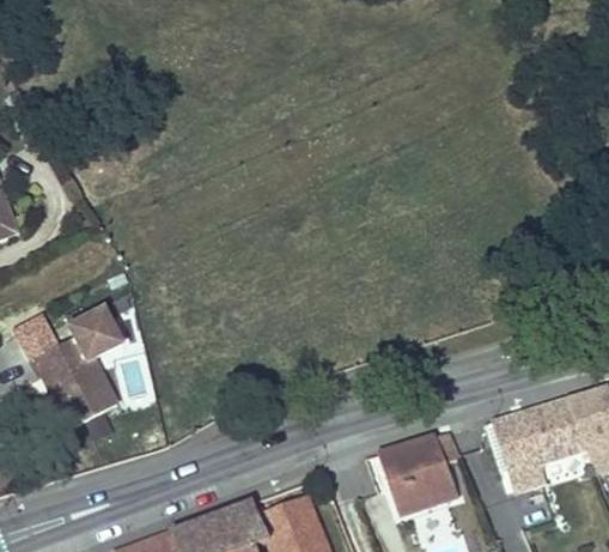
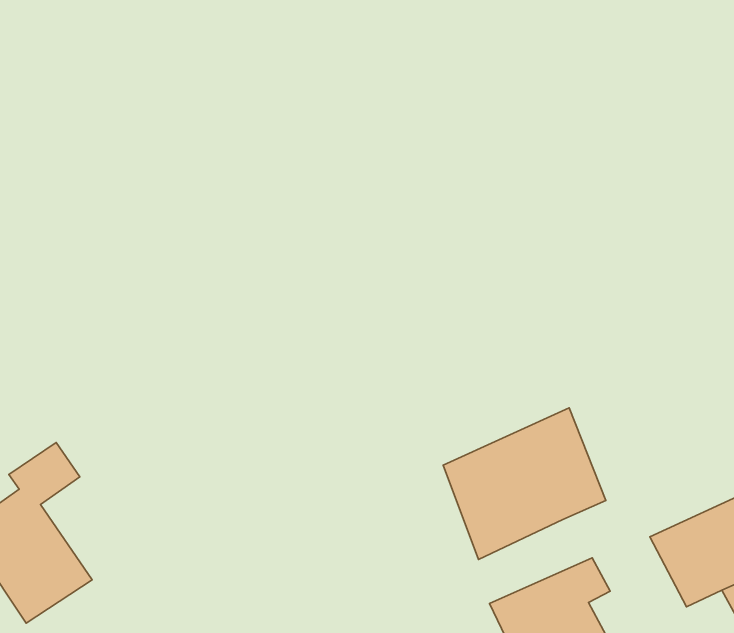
building: none -> [443,408,606,559]

